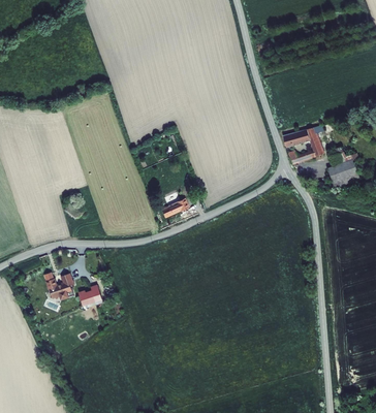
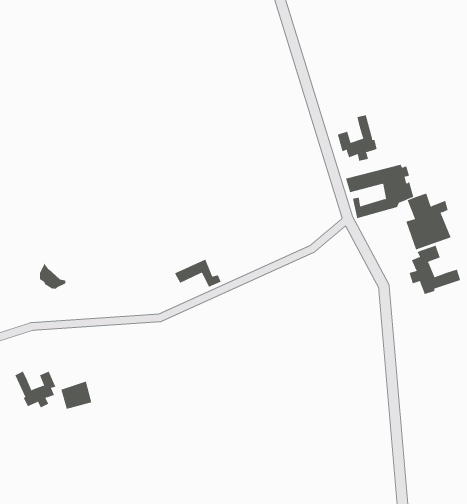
building: none -> [337,114,377,162]
building: none -> [409,245,461,295]

